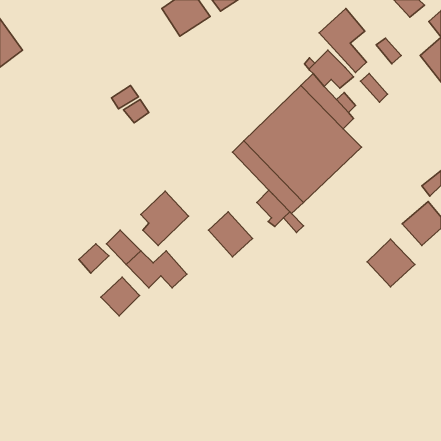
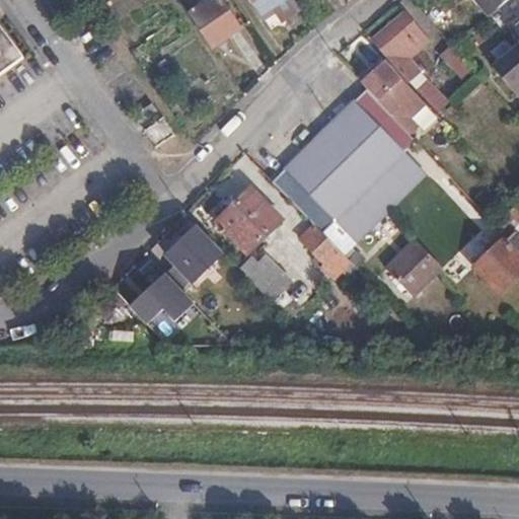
building: none -> [216,187,280,249]
building: [367,239,415,287] -> [384,238,440,294]
building: [101,277,140,316] -> none

